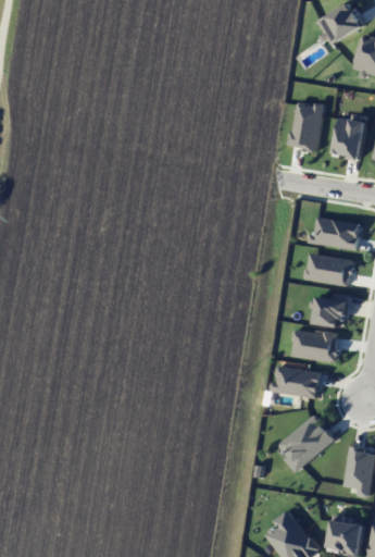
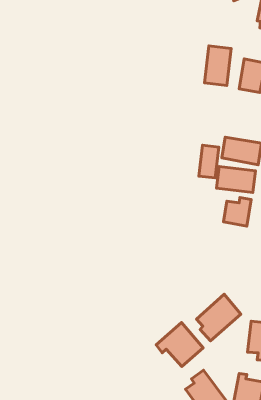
building: none -> [199,145,219,178]
building: [291,327,340,363] -> none
building: [274,366,322,398] -> none
building: none -> [156,322,203,367]

